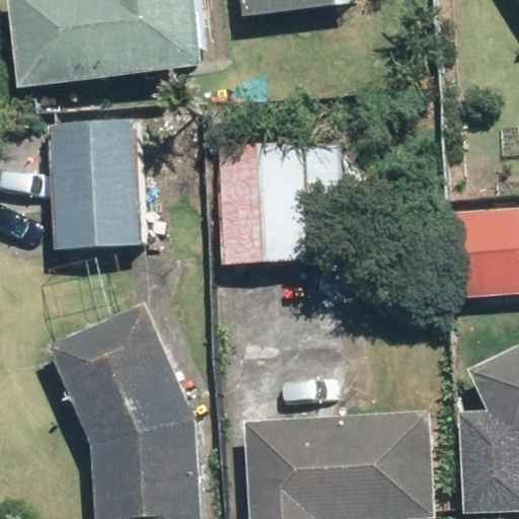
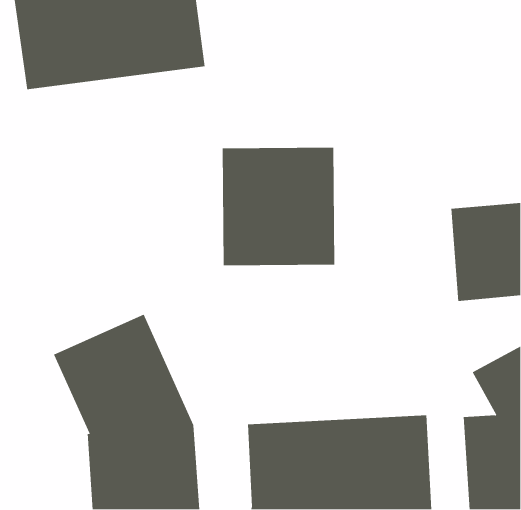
building: [55,126,141,251] -> none

